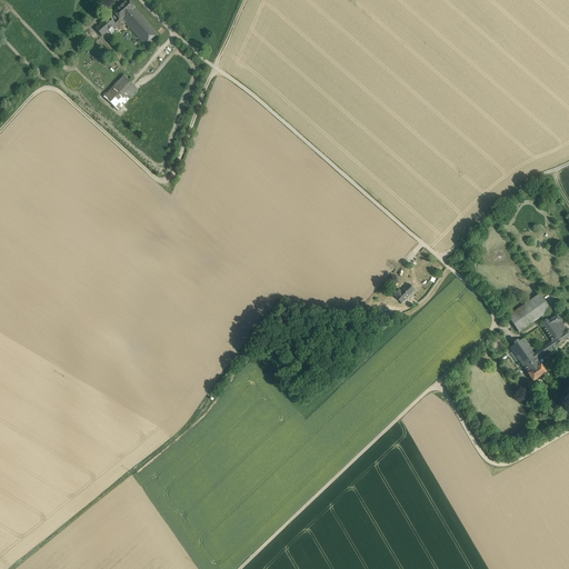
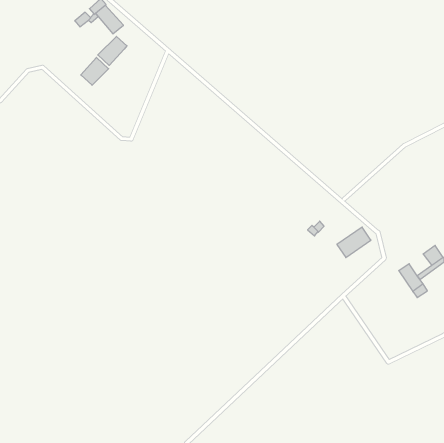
building: none -> [98,36,127,65]
building: [508,292,551,331] -> [337,227,371,258]

